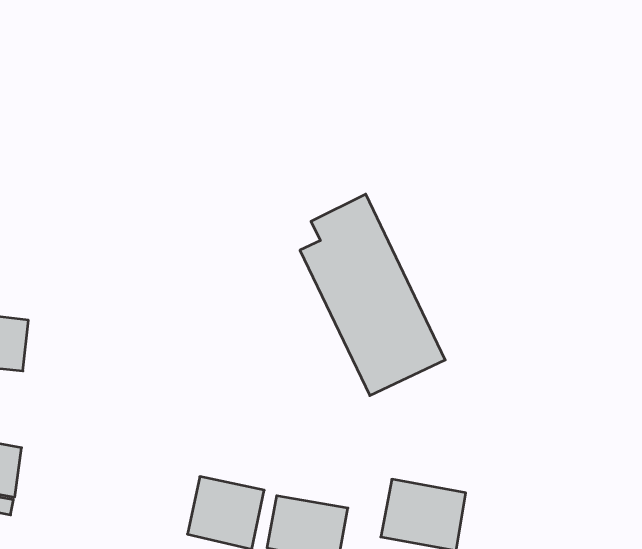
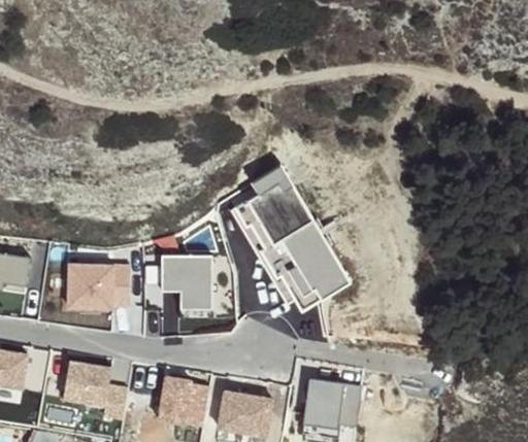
building: none -> [159,256,217,311]
building: none -> [65,264,133,311]
building: none -> [58,359,130,415]

